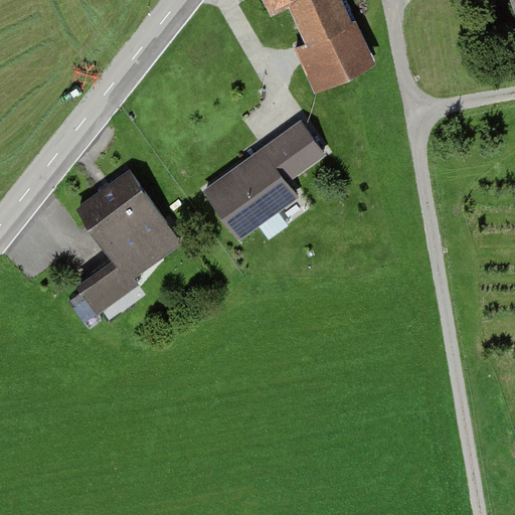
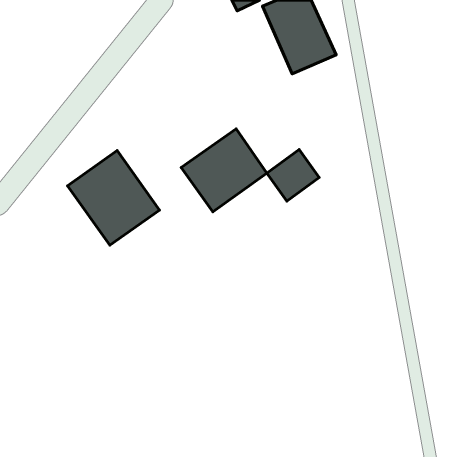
building: [264,122,322,179] -> [267,150,319,201]
building: [75,262,131,315] -> none

